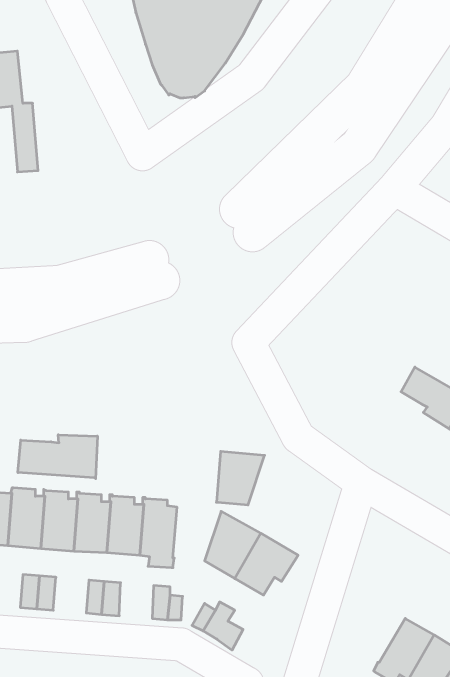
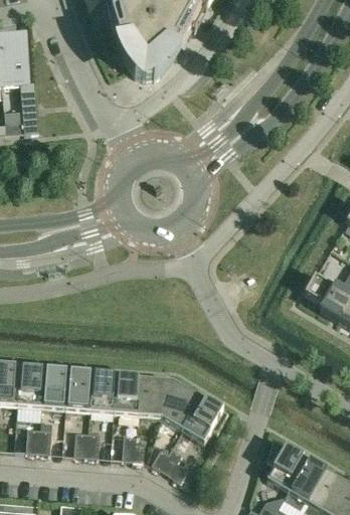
building: [18,435,97,479] -> none
building: [216,451,265,505] -> [138,376,173,415]
building: none -> [267,438,308,490]

